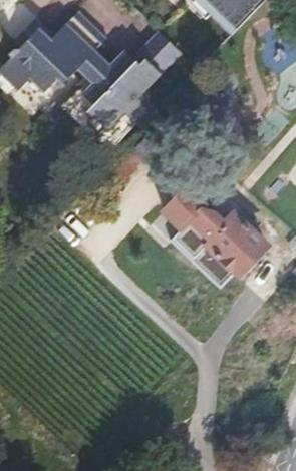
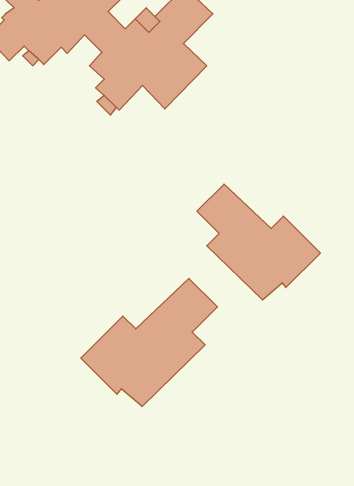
building: none -> [81,278,217,407]

